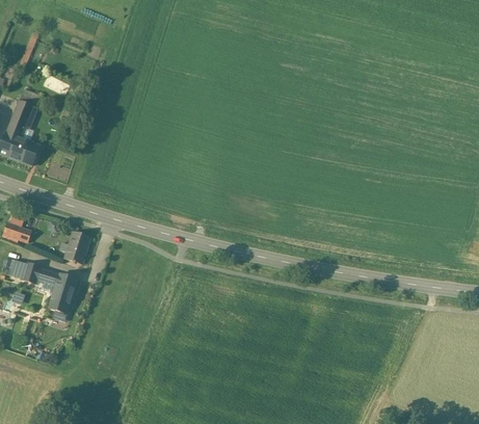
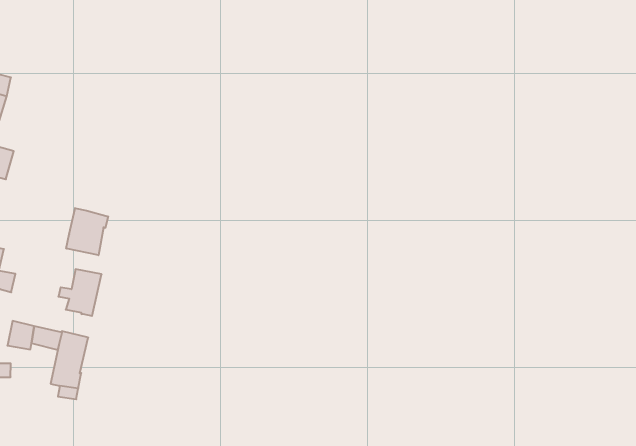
building: none -> [66,208,108,255]

